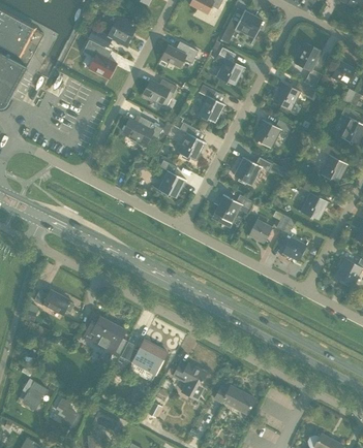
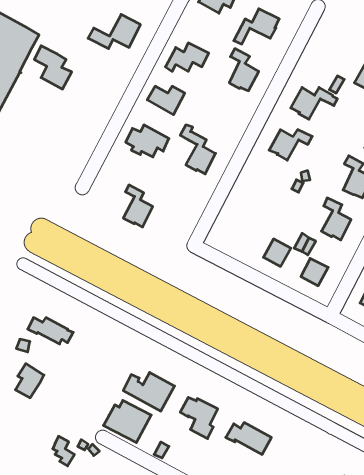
building: [82,39,116,78] -> [34,46,72,89]
building: [294,42,321,71] -> none
building: [196,85,223,123] -> none
building: [234,157,272,185] -> none
building: [157,160,184,198] -> [123,185,153,227]
building: [211,194,252,227] -> none
building: [82,316,125,354] -> [103,400,151,443]
building: [21,379,47,410] -> [15,364,44,398]

